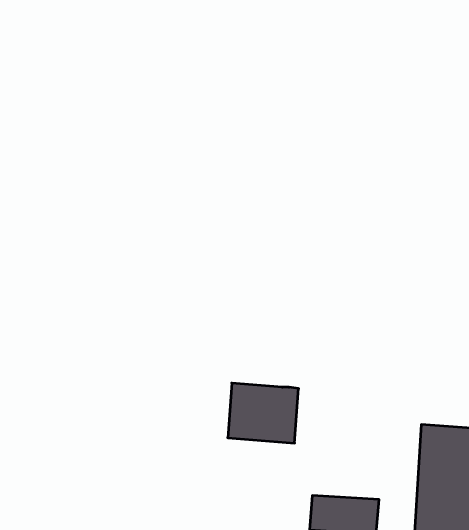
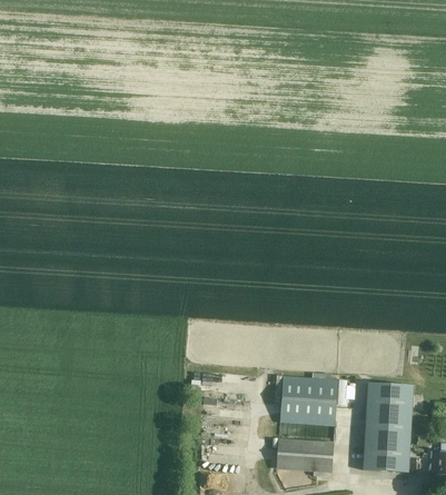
building: [228,383,299,443] -> [280,375,338,424]

